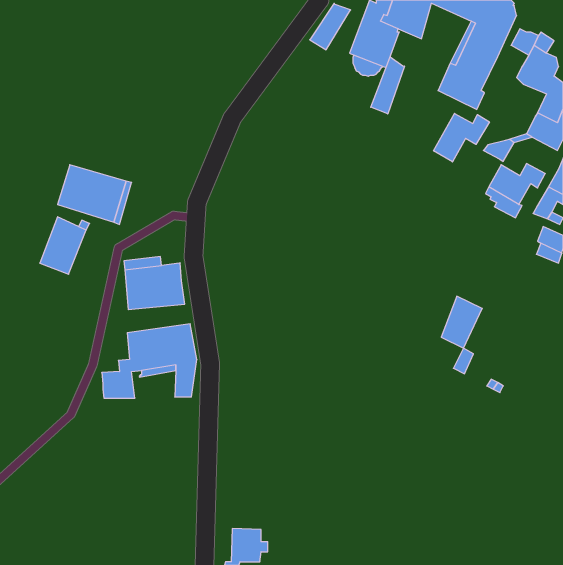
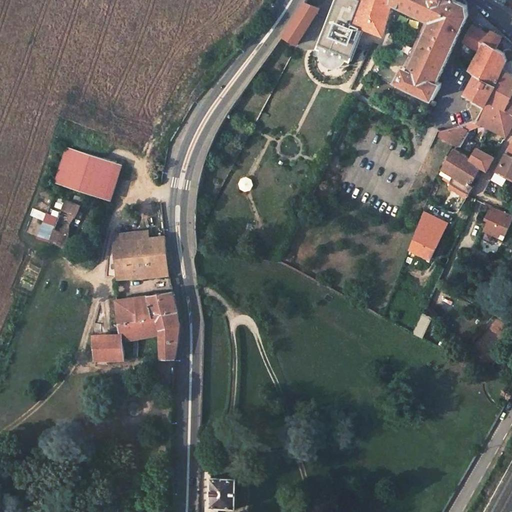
building: [371,57,404,114] -> none
building: none -> [464,76,494,105]
building: [434,113,489,162] -> none
building: [441,296,482,348] -> [410,212,447,259]

